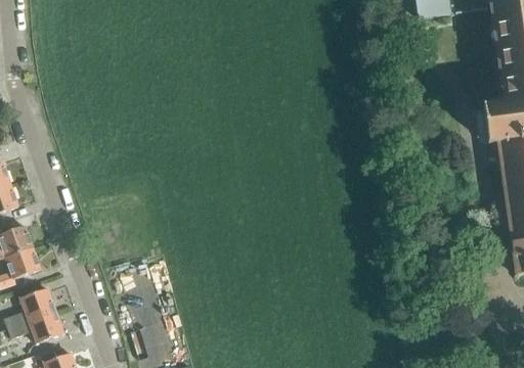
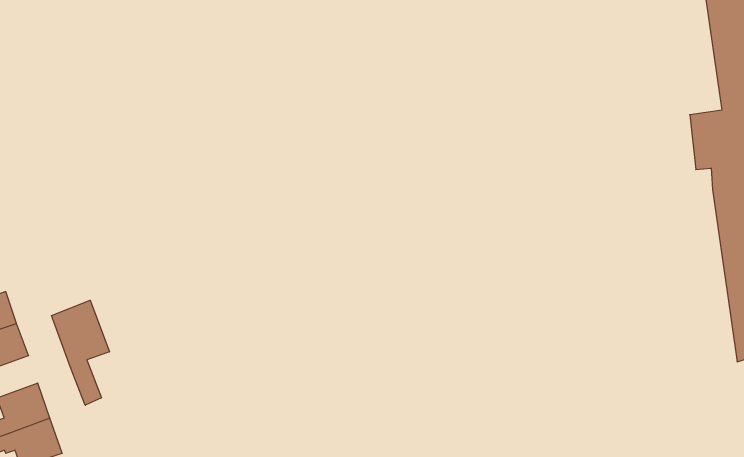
building: none -> [51,300,109,405]

